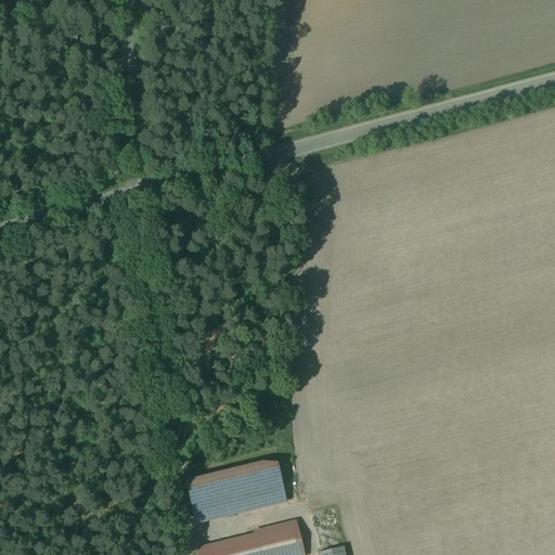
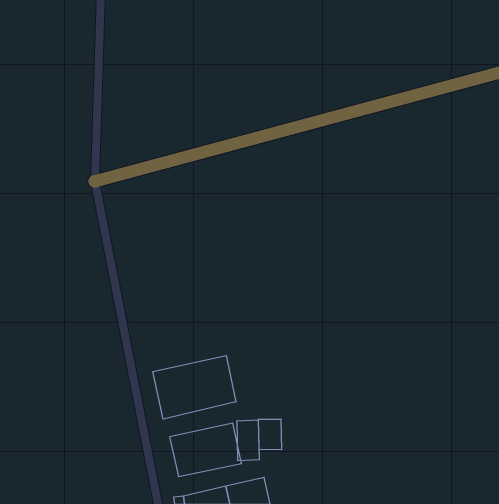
building: none -> [153,356,236,419]
building: none -> [258,419,282,450]

